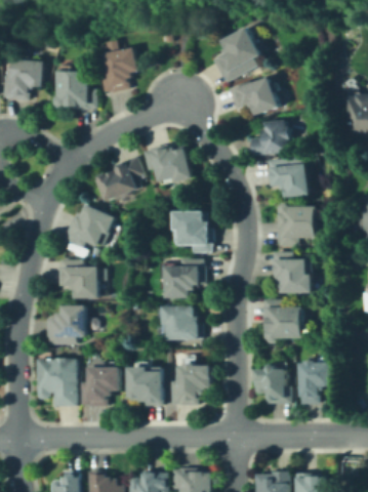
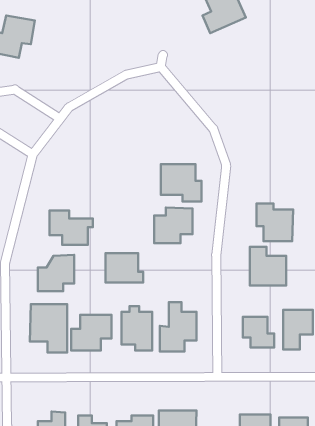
building: [98,50,133,90] -> none
building: [53,66,94,111] -> none
building: [227,75,281,117] -> none
building: [250,121,289,158] -> none
building: [141,143,193,186] -> none
building: [92,157,141,203] -> none
building: [265,157,311,198] -> none
building: [64,204,112,255] -> none
building: [280,208,317,239] -> none
building: [162,307,201,338] -> [106,253,143,283]

